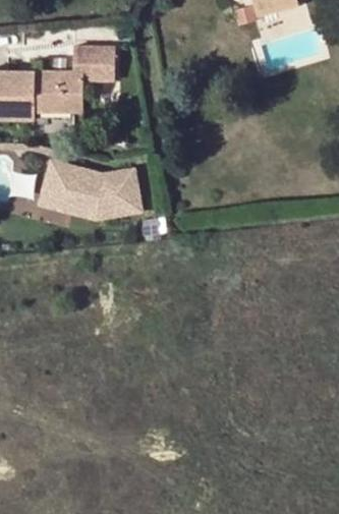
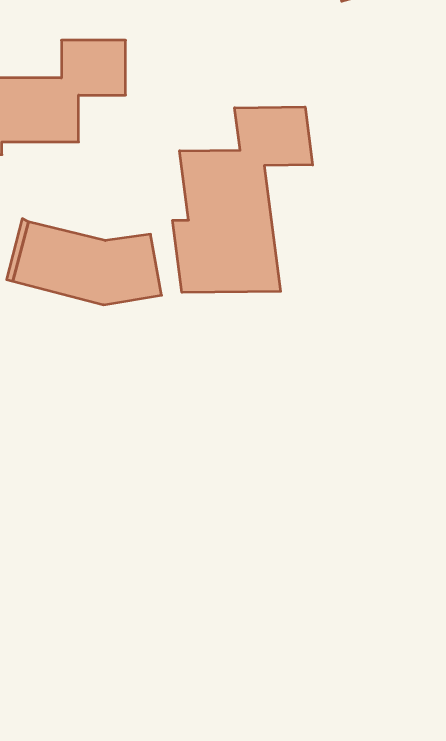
building: none -> [173,107,313,292]

